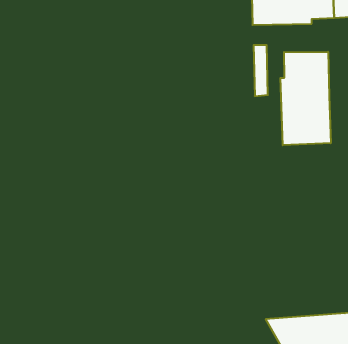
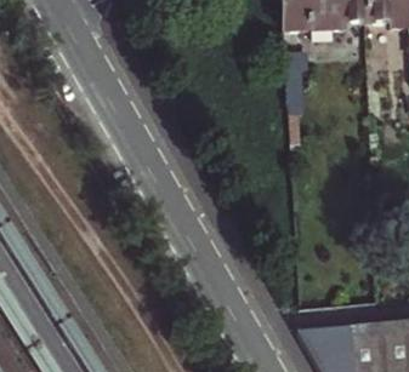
building: [280,52,331,145] -> none

